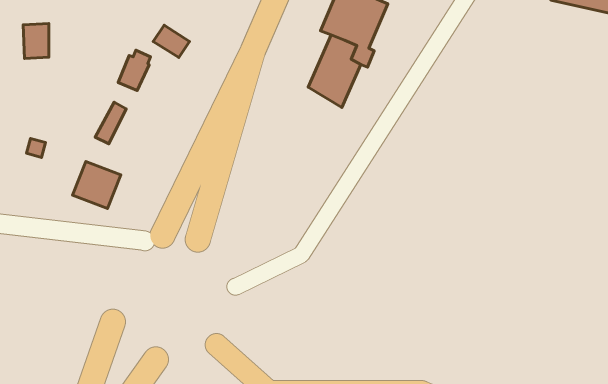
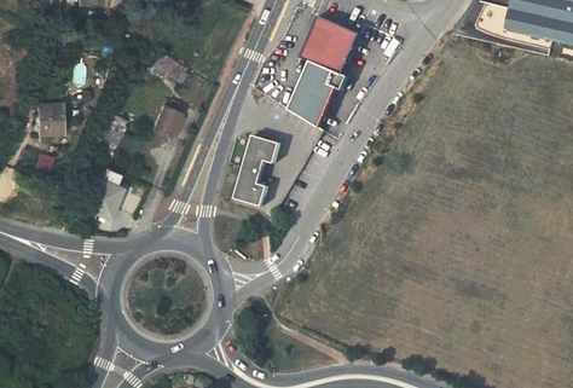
building: [23,23,49,59] -> [37,102,60,133]
building: [118,50,151,90] -> [154,99,183,135]
building: none -> [233,134,278,204]

